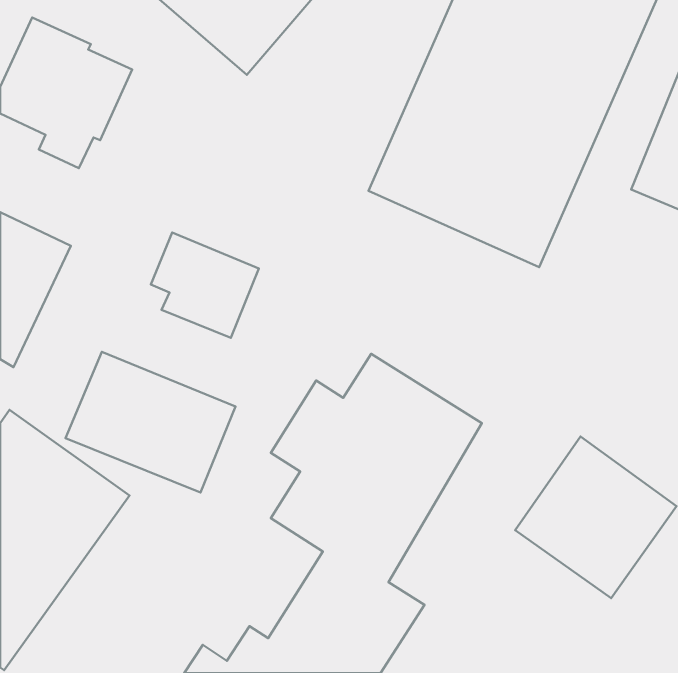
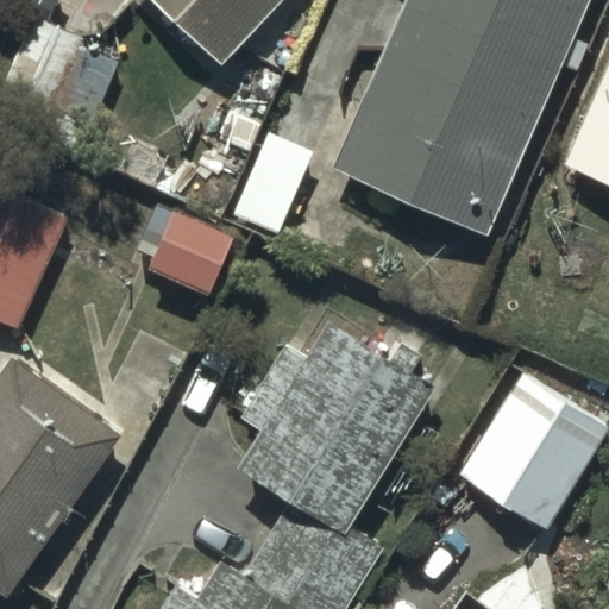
building: [65,352,235,492] -> none

